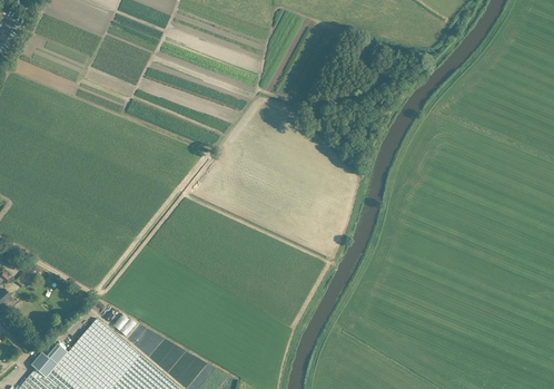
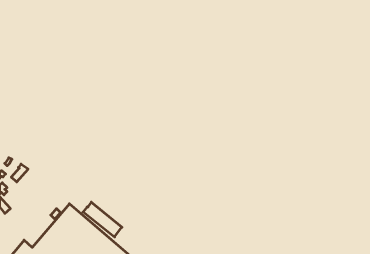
building: [31,342,69,378] -> none

